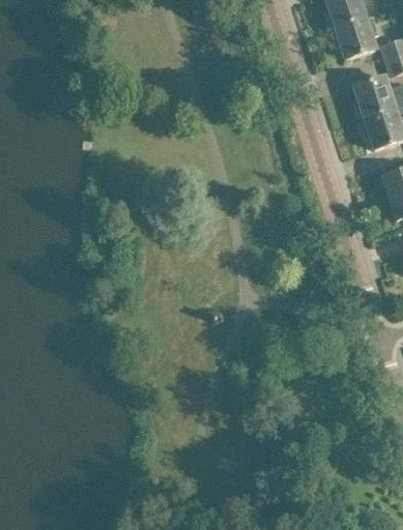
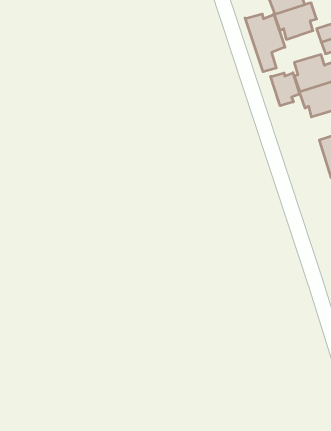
building: none -> [245,14,285,72]
building: none -> [271,73,299,106]

